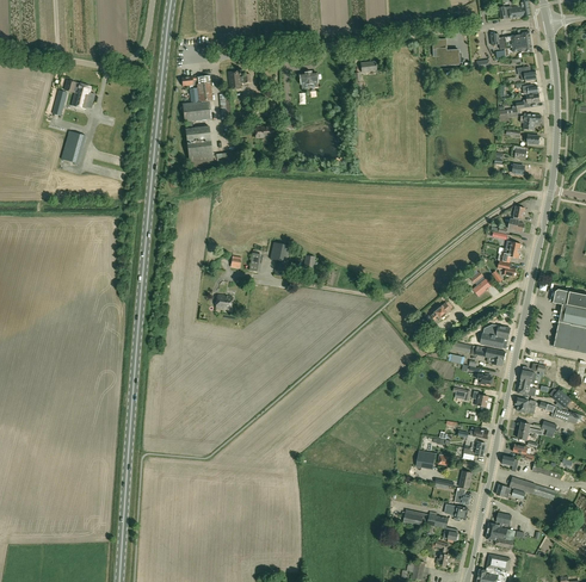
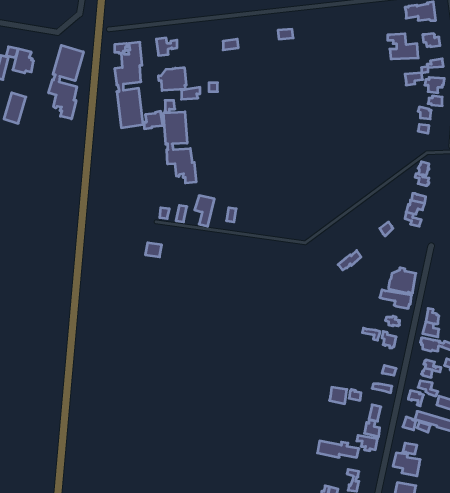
building: [427,39,461,67] -> [388,34,418,59]
building: none -> [49,45,83,119]
building: none -> [158,68,186,91]
building: none -> [164,112,196,183]

